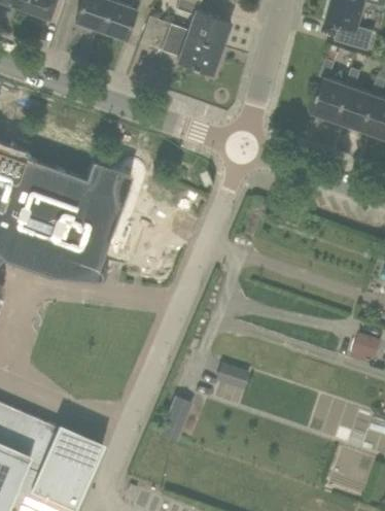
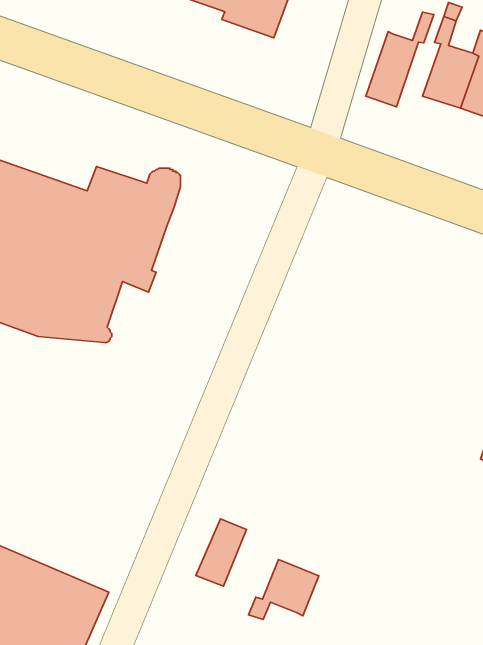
building: none -> [366,12,434,107]
building: [215,363,249,390] -> none
building: none -> [248,559,319,620]

